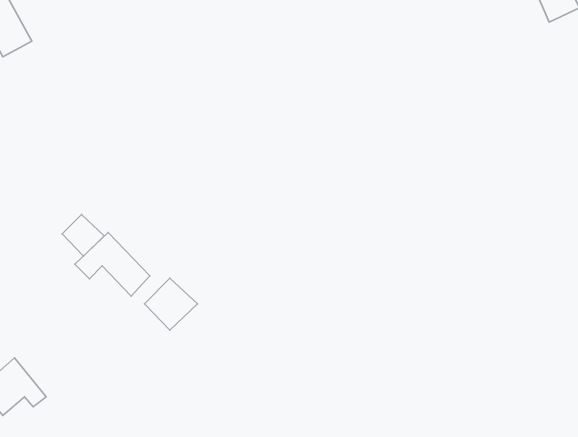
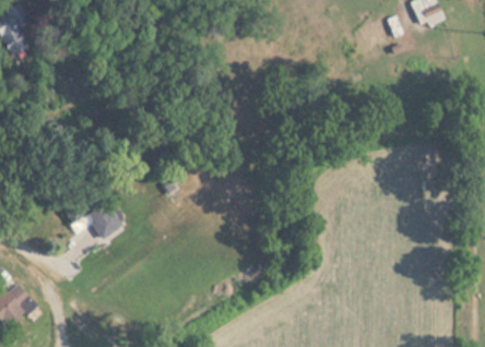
building: [62,215,104,256] -> none
building: [144,278,197,330] -> none

